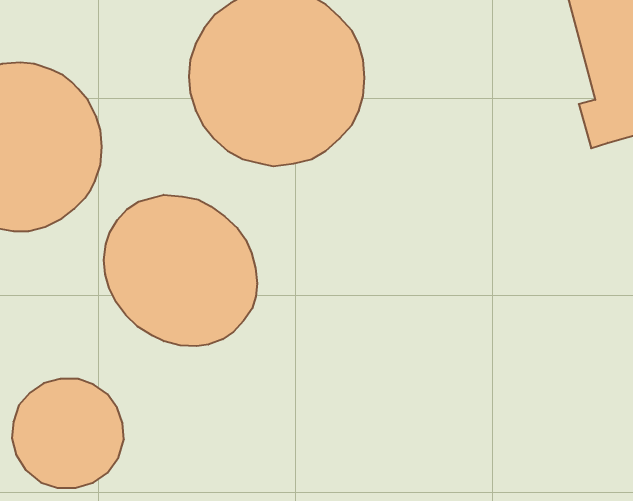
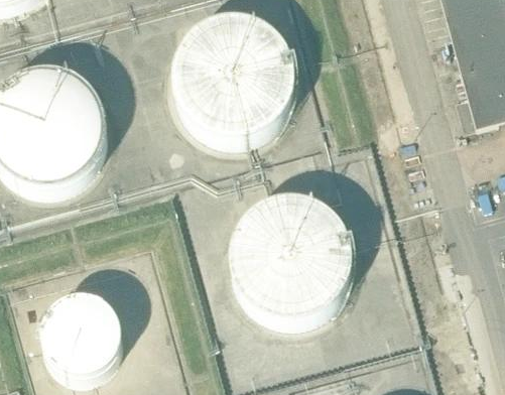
building: [104,195,257,346] -> none
building: none -> [226,195,354,324]

